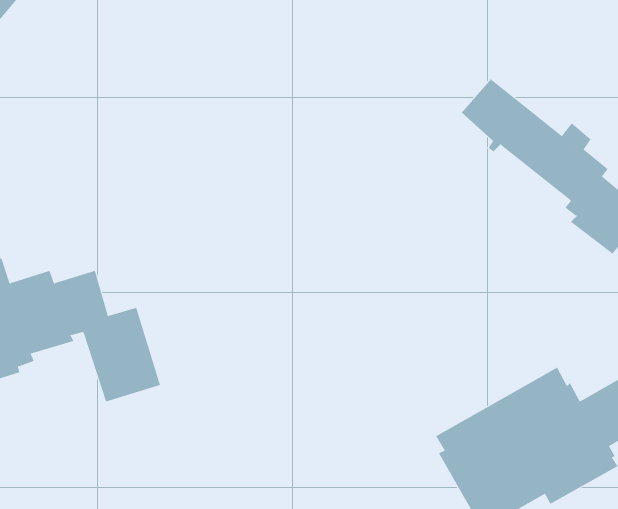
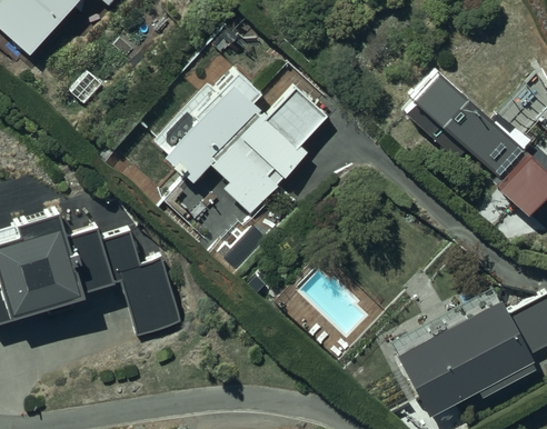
building: none -> [156,67,329,219]

